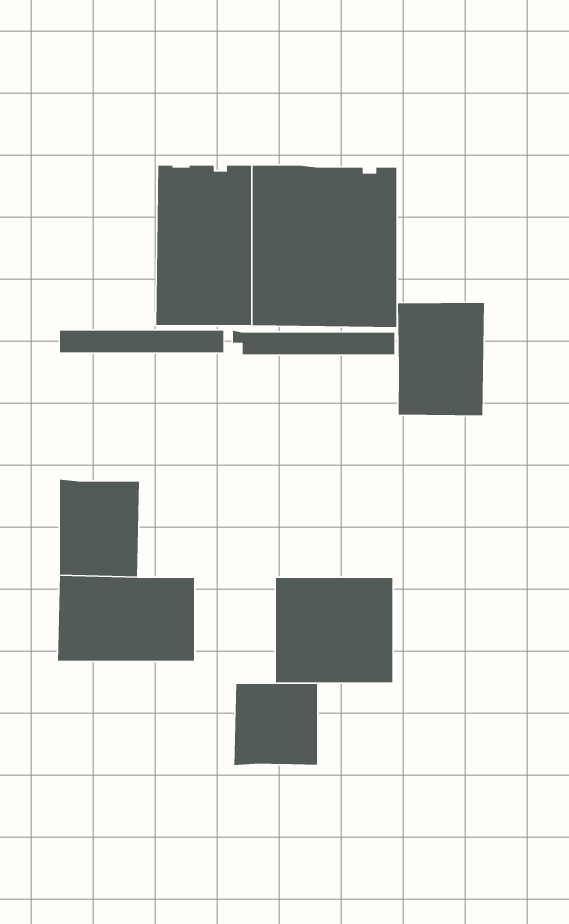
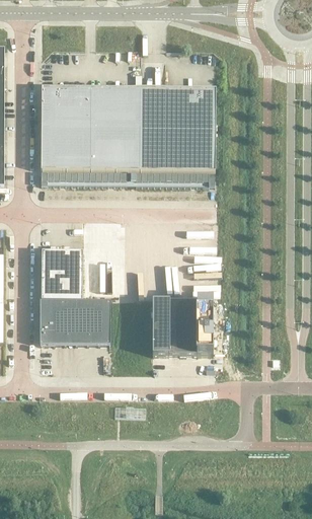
building: none -> [42,85,93,169]
building: [397,302,485,416] -> none
building: [233,683,318,766] -> none

